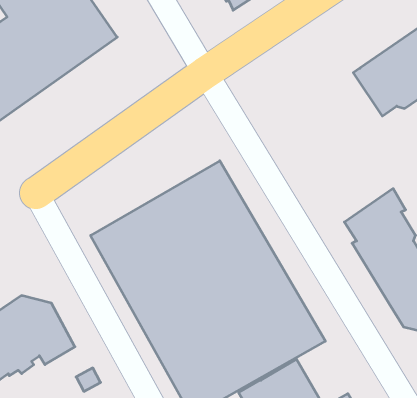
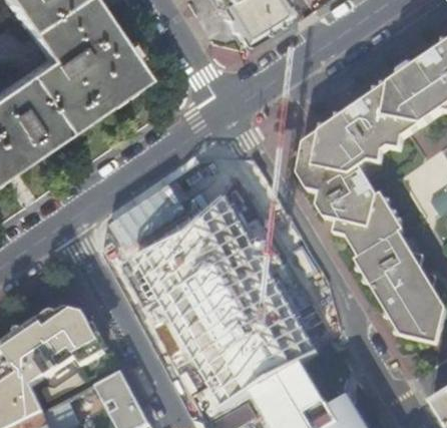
building: none -> [296,105,391,240]

